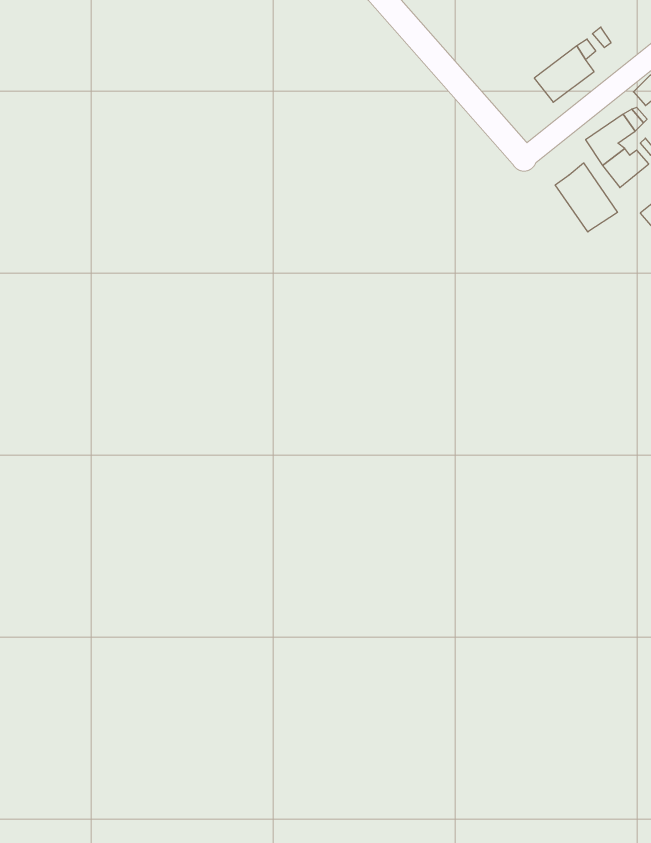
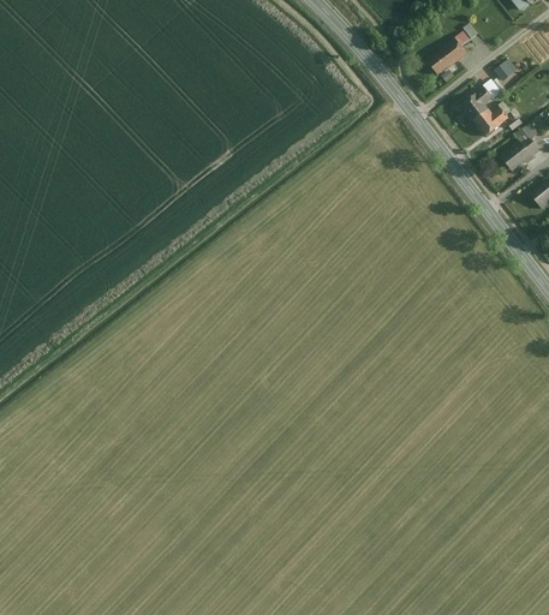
building: [555,163,617,232] -> none

